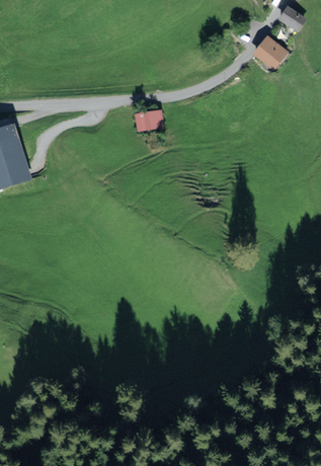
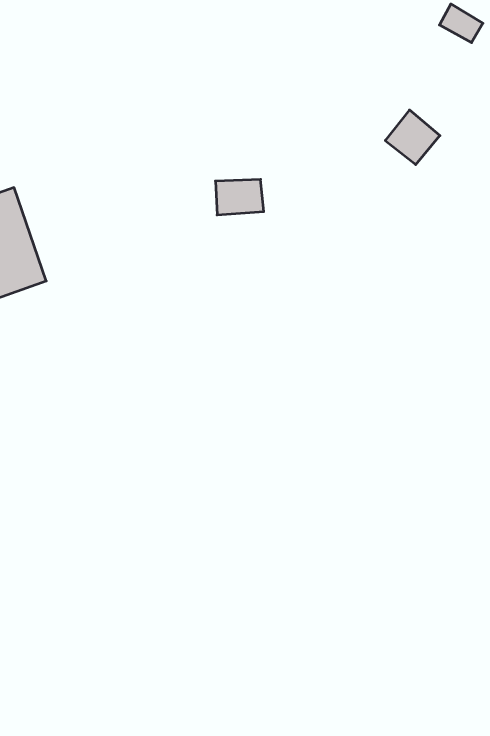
building: [254,34,289,69] -> [385,110,440,165]

